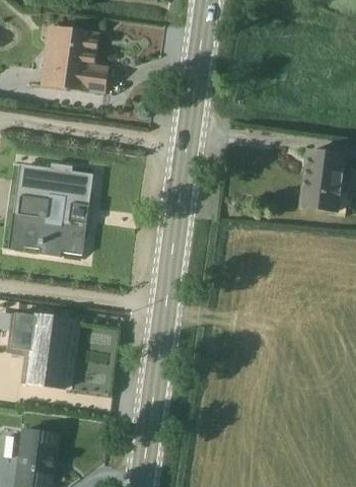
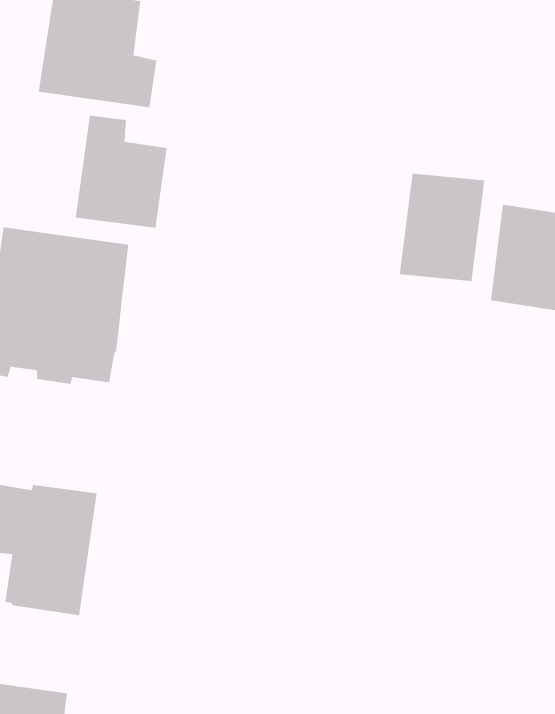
building: none -> [75,115,167,228]
building: none -> [399,173,485,282]

